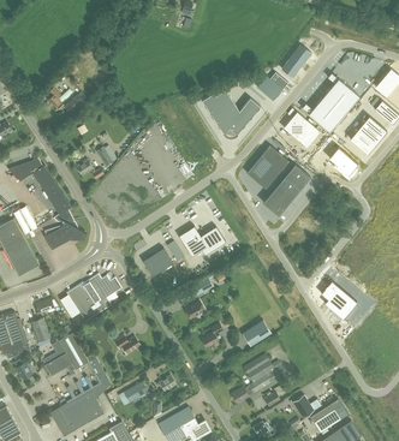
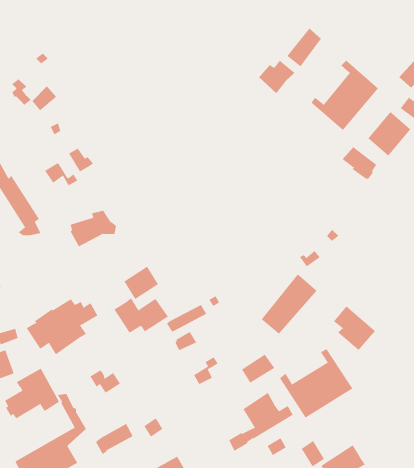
building: [201,89,260,137] -> none
building: [282,112,320,148] -> none
building: [245,145,288,189] -> none
building: [261,165,309,216] -> [261,274,317,335]
building: [43,219,83,250] -> [70,210,117,247]
building: [178,226,225,256] -> [113,298,169,334]
building: none -> [279,348,353,419]

